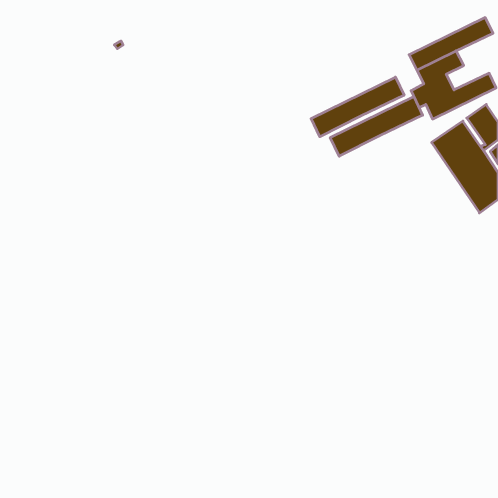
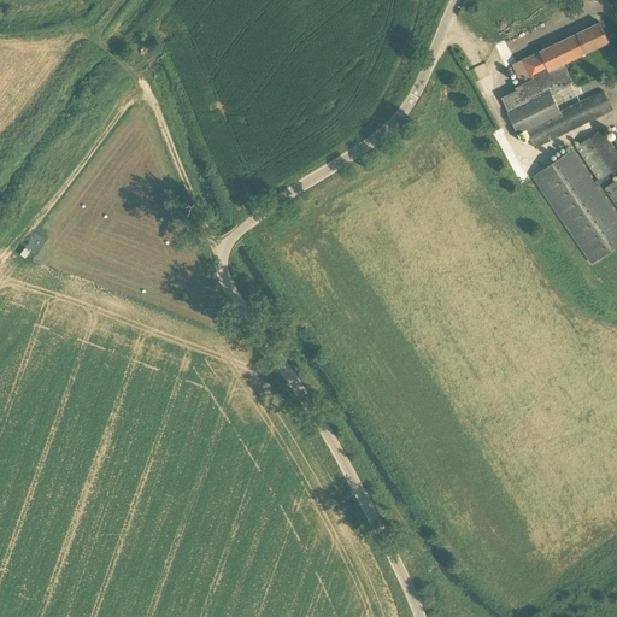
building: [311,77,404,137] -> none
building: [330,97,423,156] -> none

